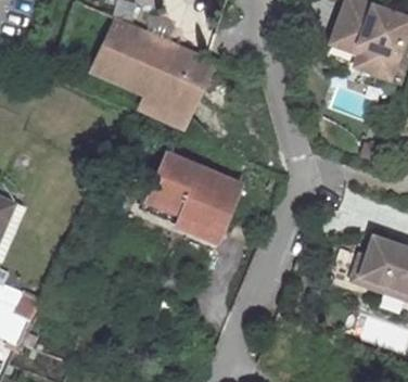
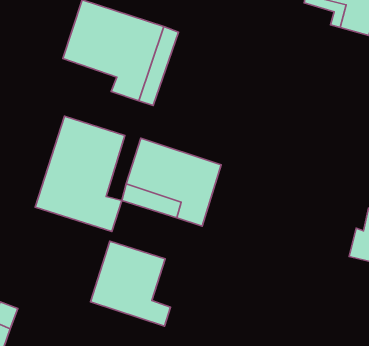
building: none -> [35,116,125,231]
building: none -> [91,241,171,326]

